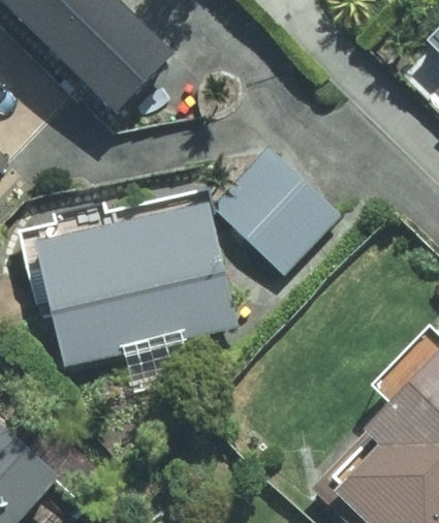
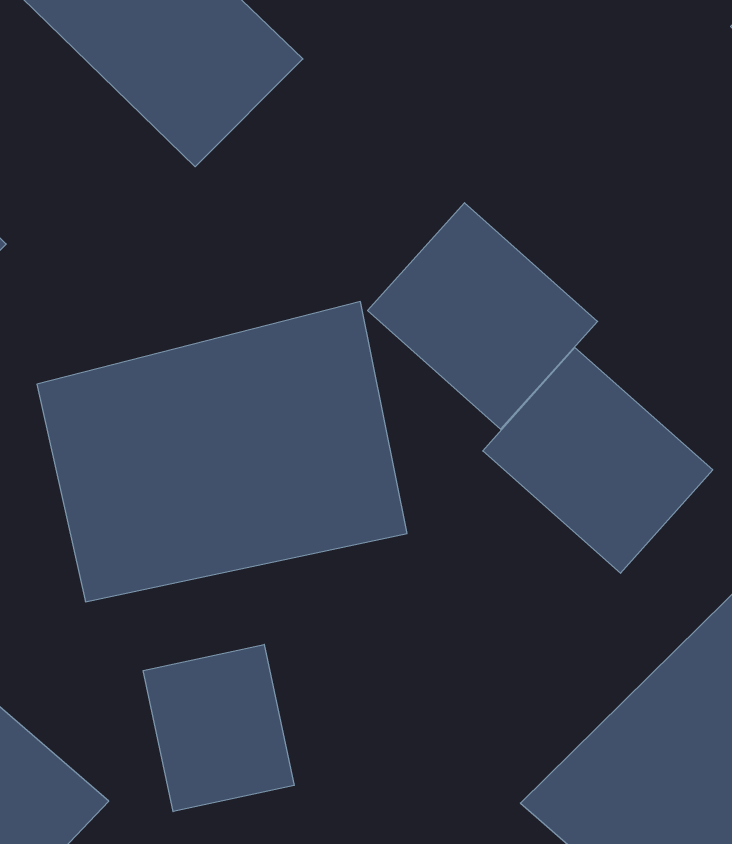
building: none -> [483,348,713,573]
building: none -> [143,644,294,812]

